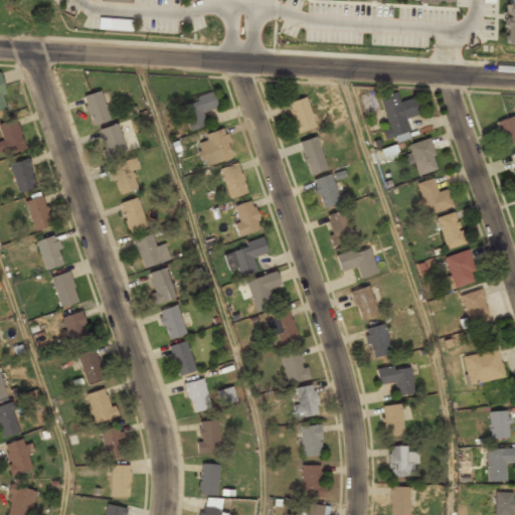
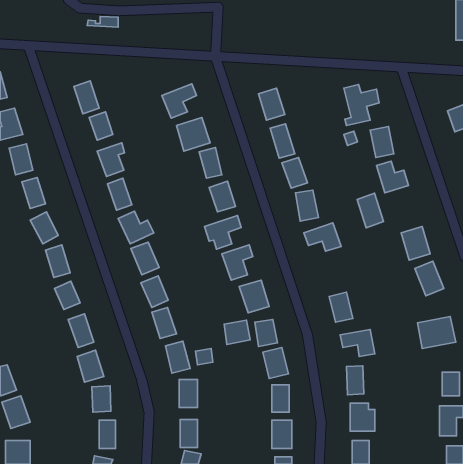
building: [438,211,467,249] -> [357,193,383,228]
building: [352,286,380,320] -> none
building: none -> [224,320,250,344]

